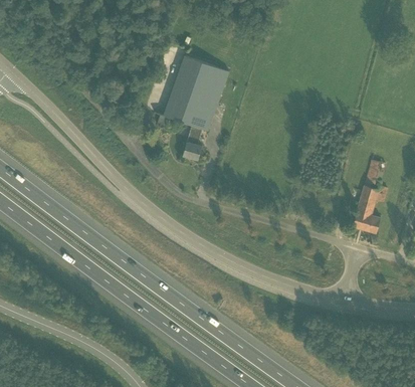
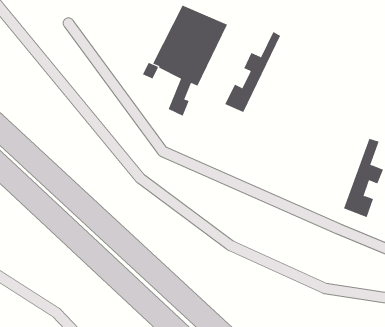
building: none -> [225,31,281,113]

